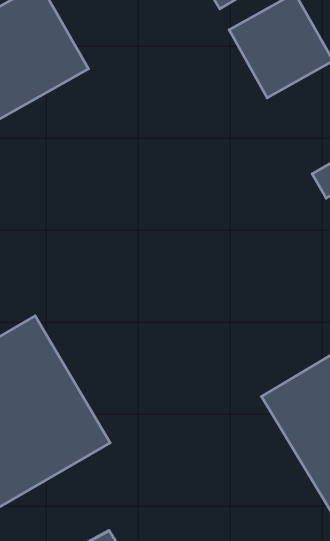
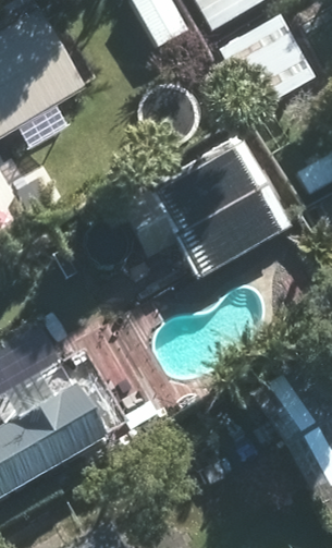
building: none -> [149,139,293,279]

